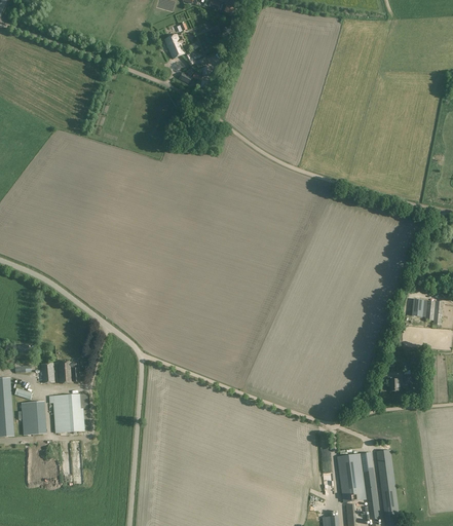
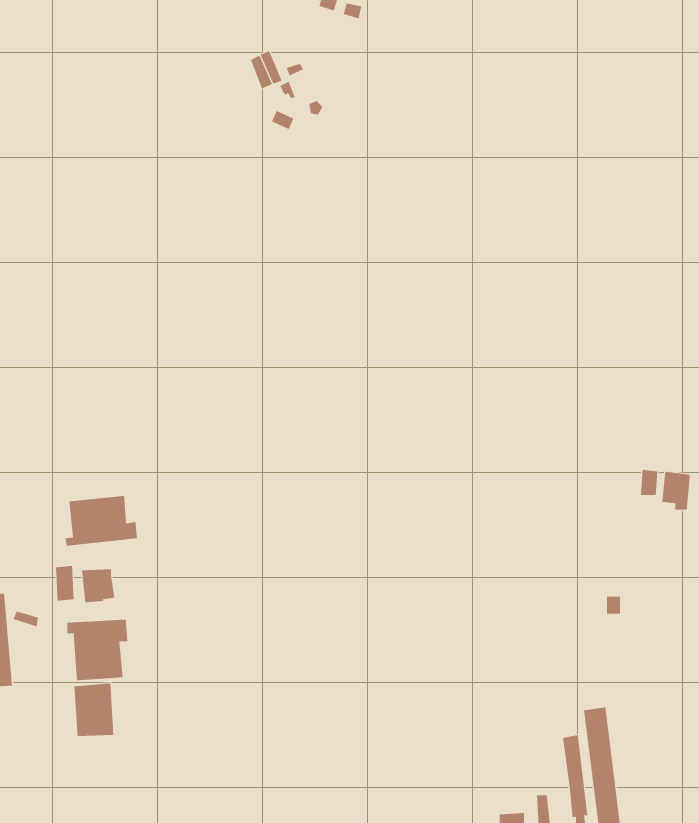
building: none -> [65,495,138,546]
building: [21,401,46,435] -> [74,683,114,737]
building: [336,453,366,502] -> none

